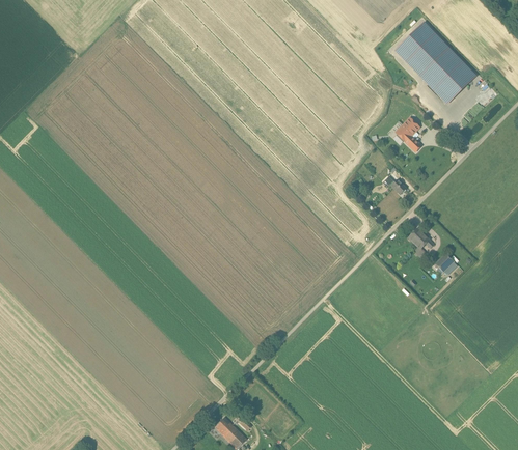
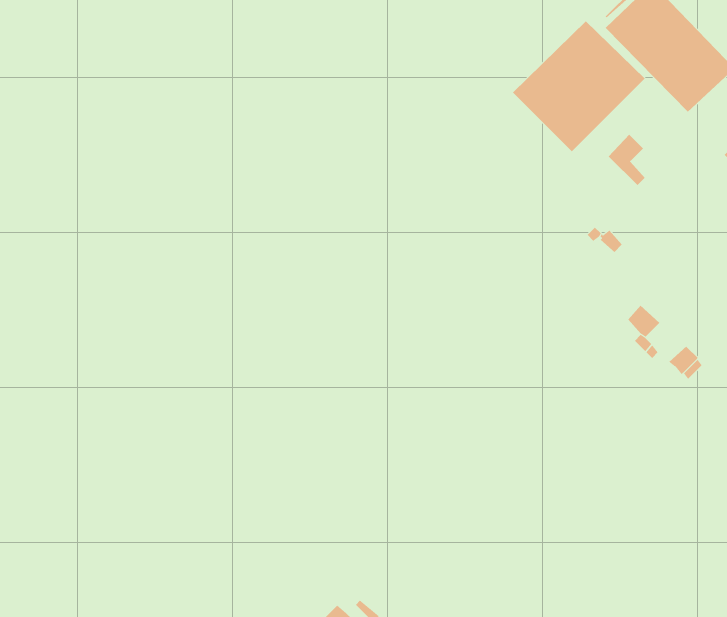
building: none -> [512,21,645,152]

